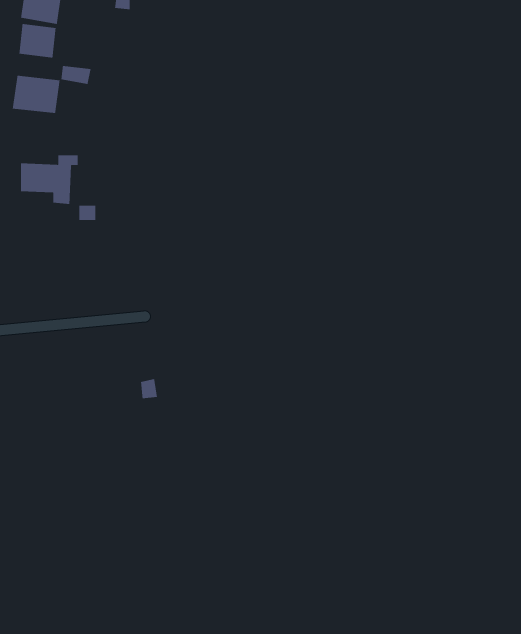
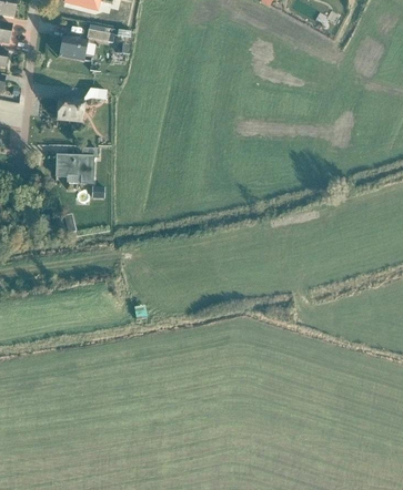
building: [18,23,57,58] -> none

